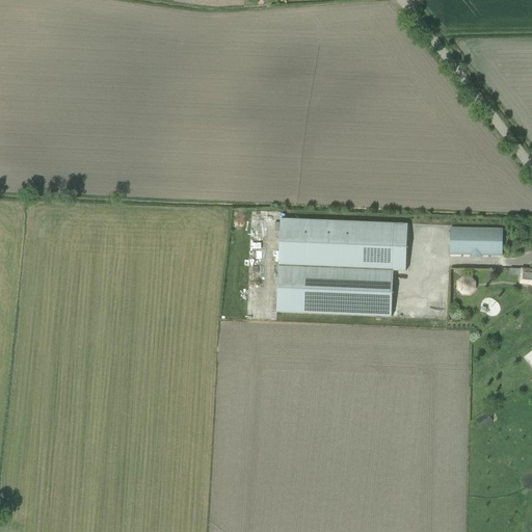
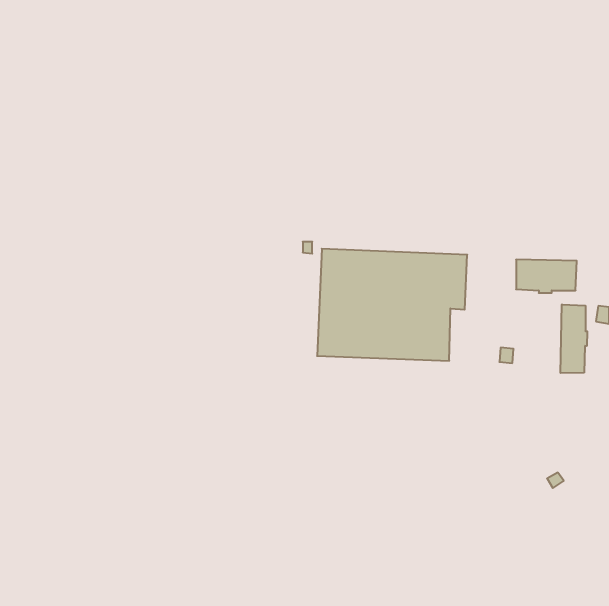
building: none -> [561,304,587,373]

